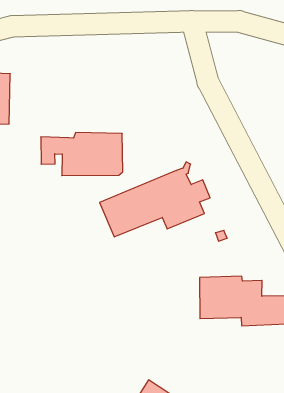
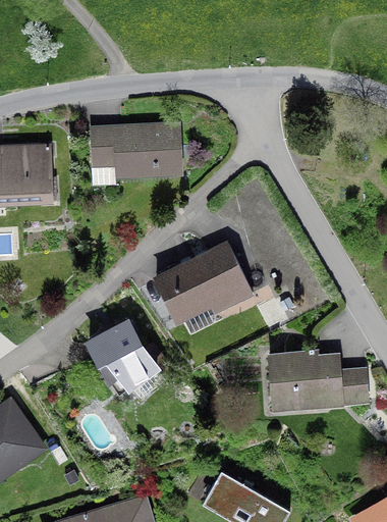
building: [41,133,123,176] -> [90,126,181,176]
building: none -> [88,324,156,388]

